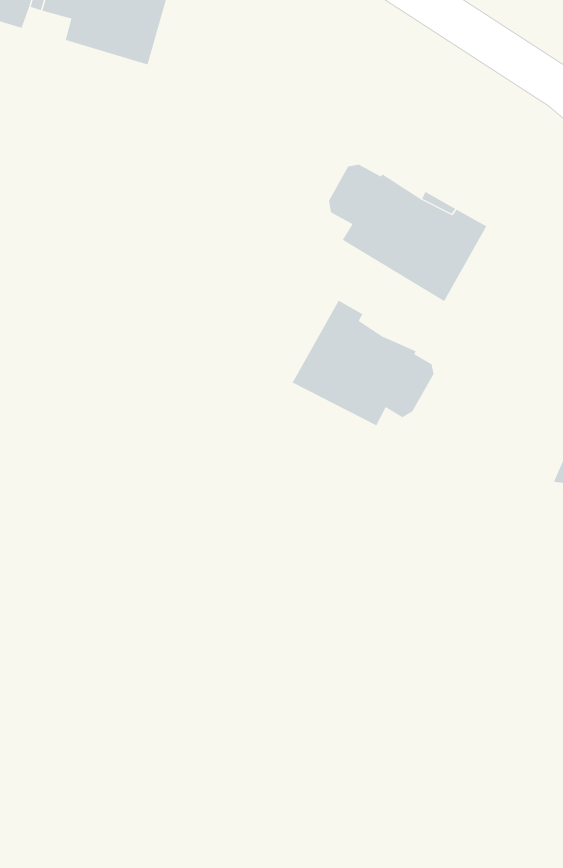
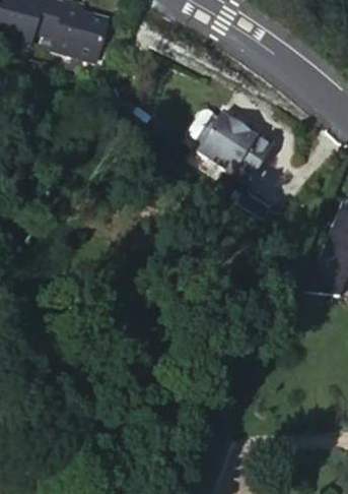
building: [292,300,434,426] -> none

